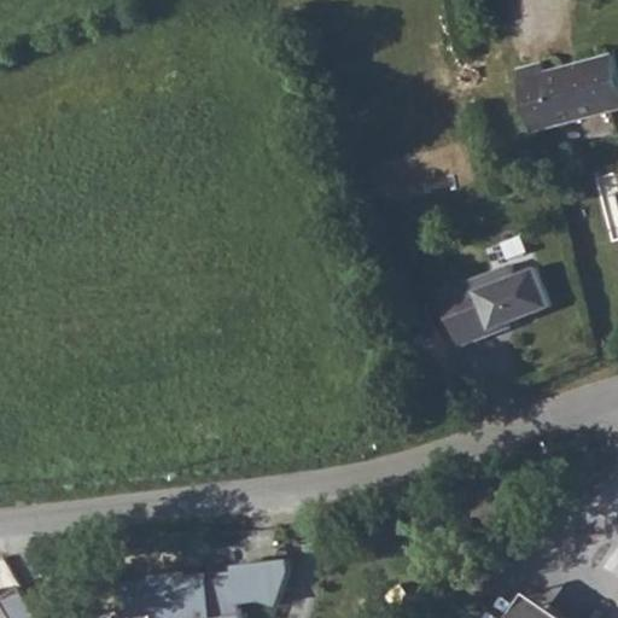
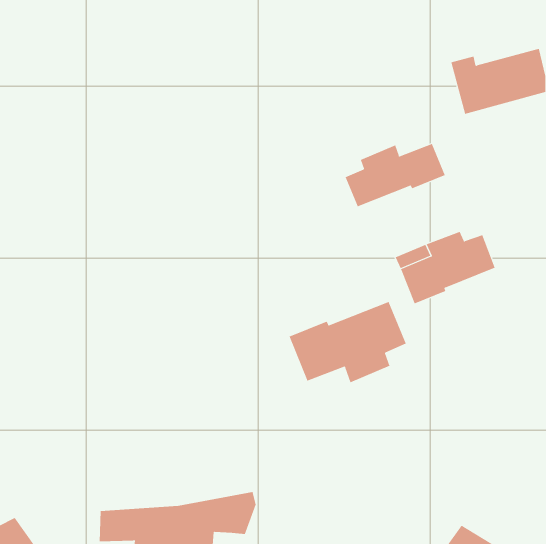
building: none -> [345,143,445,207]
building: none -> [289,301,406,383]

